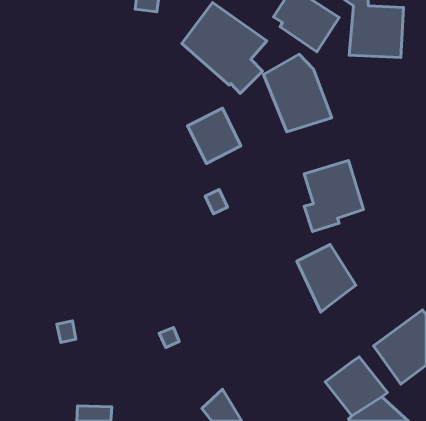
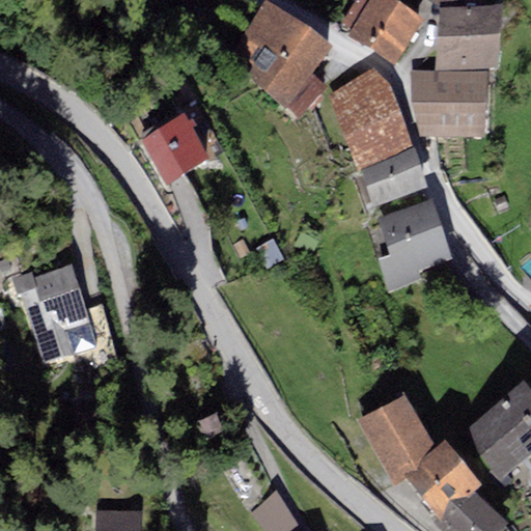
building: none -> [411,68,487,140]
building: [187,108,241,163] -> [141,116,207,185]
building: none -> [360,149,425,204]
building: none -> [11,260,96,358]
building: [297,244,356,312] -> [364,398,438,482]

